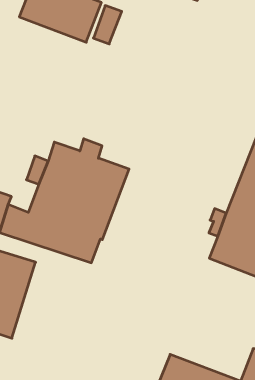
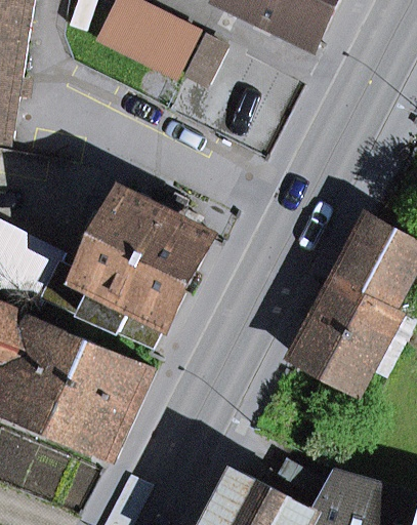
building: none -> [43,340,152,460]

